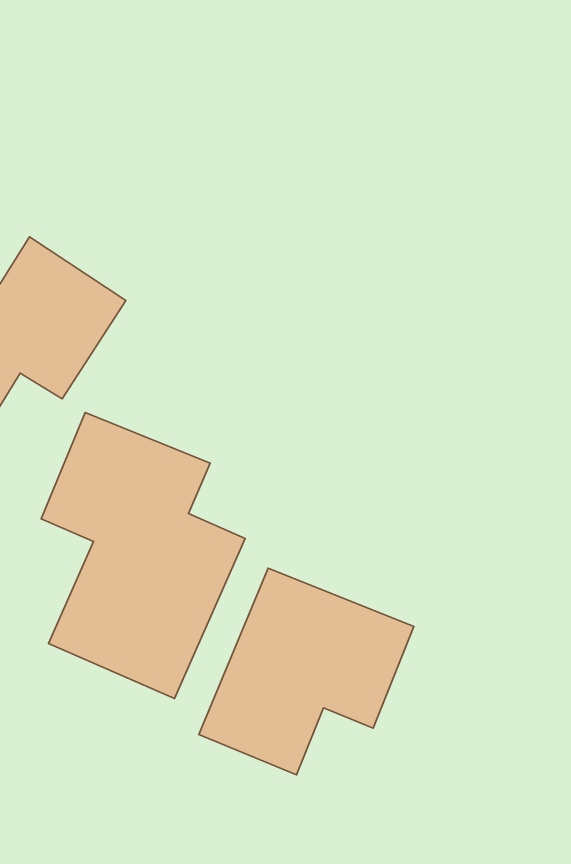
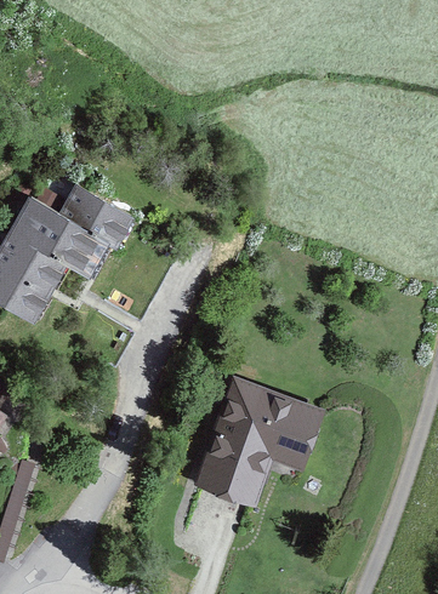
building: [41,413,245,698] -> none

